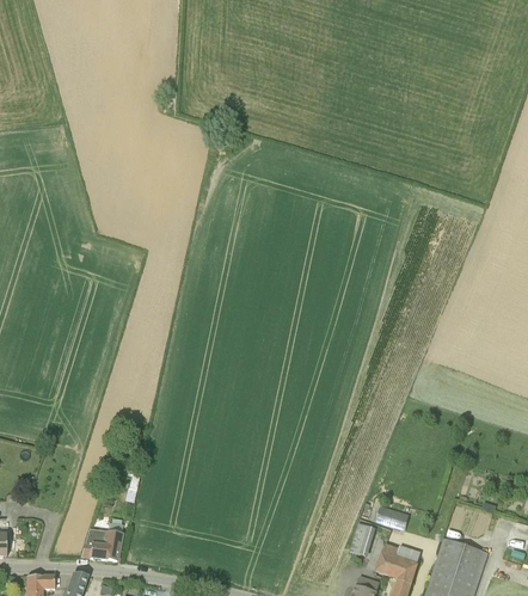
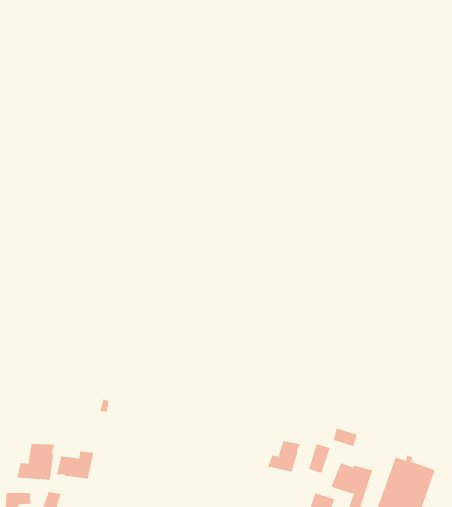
building: none -> [268,440,301,472]
building: none -> [17,443,55,480]

